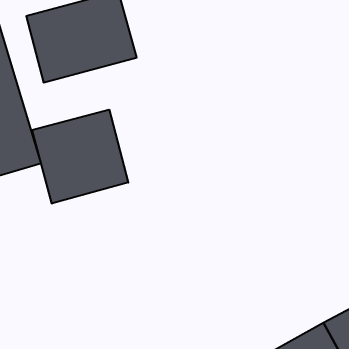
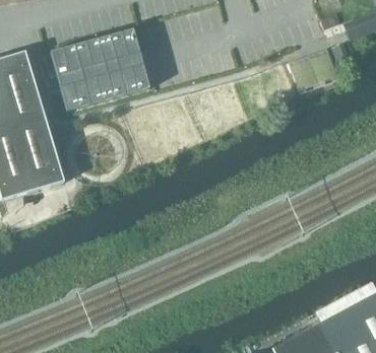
building: [32,110,128,204] -> none

